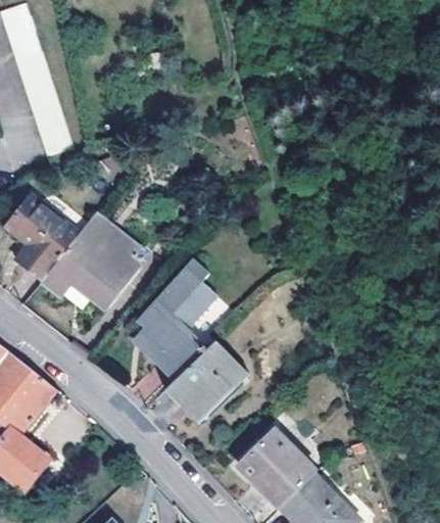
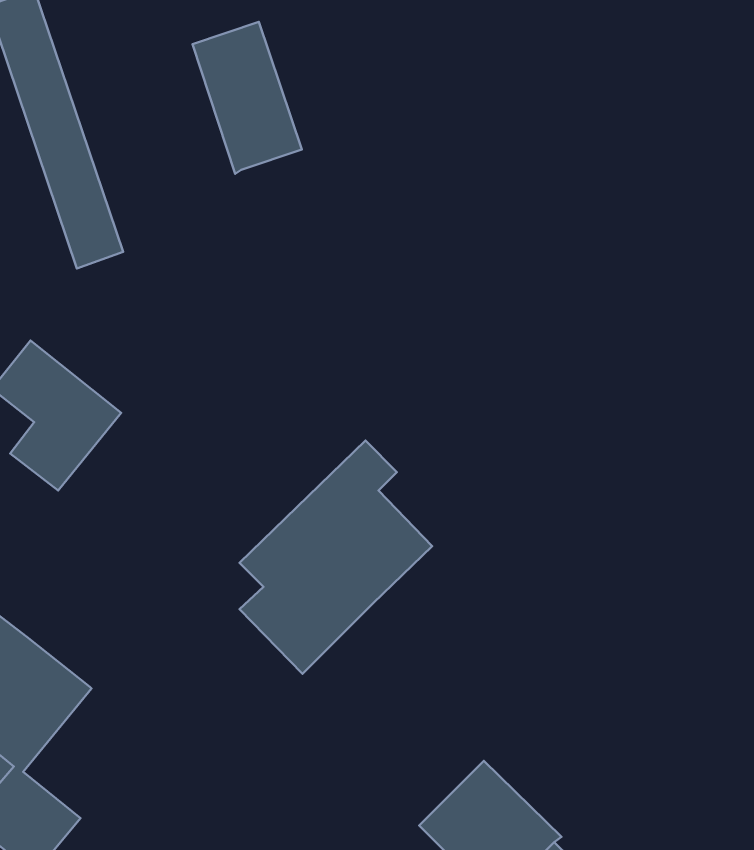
building: none -> [193,22,302,174]
building: [39,211,147,306] -> none
building: [162,342,244,419] -> none

